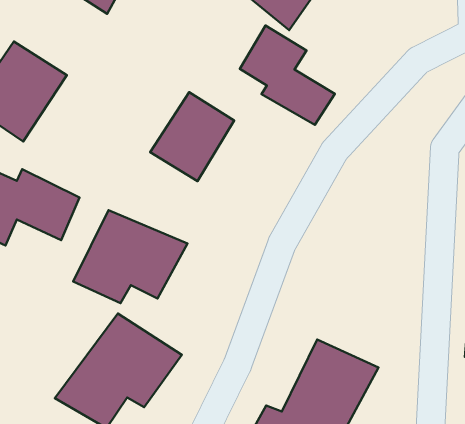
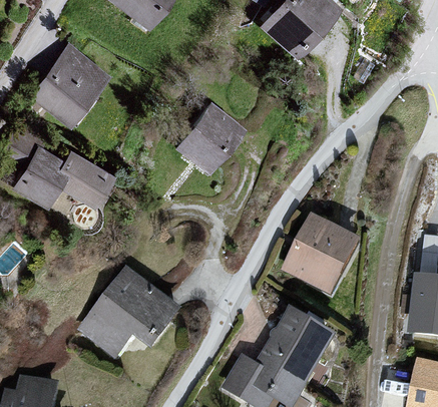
building: [240,25,335,125] -> none
building: [73,210,187,303] -> none
building: none -> [281,211,364,295]

